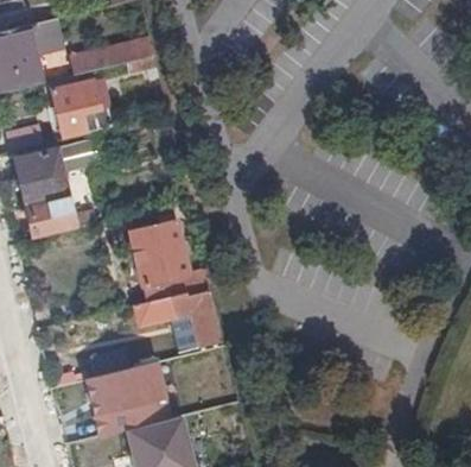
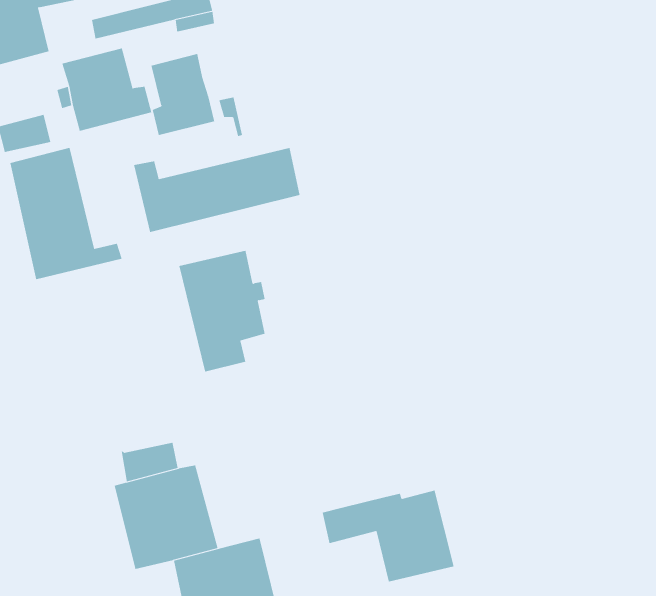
building: none -> [151,53,215,136]
building: none -> [134,147,300,233]
building: [134,289,224,352] -> [322,490,454,582]

